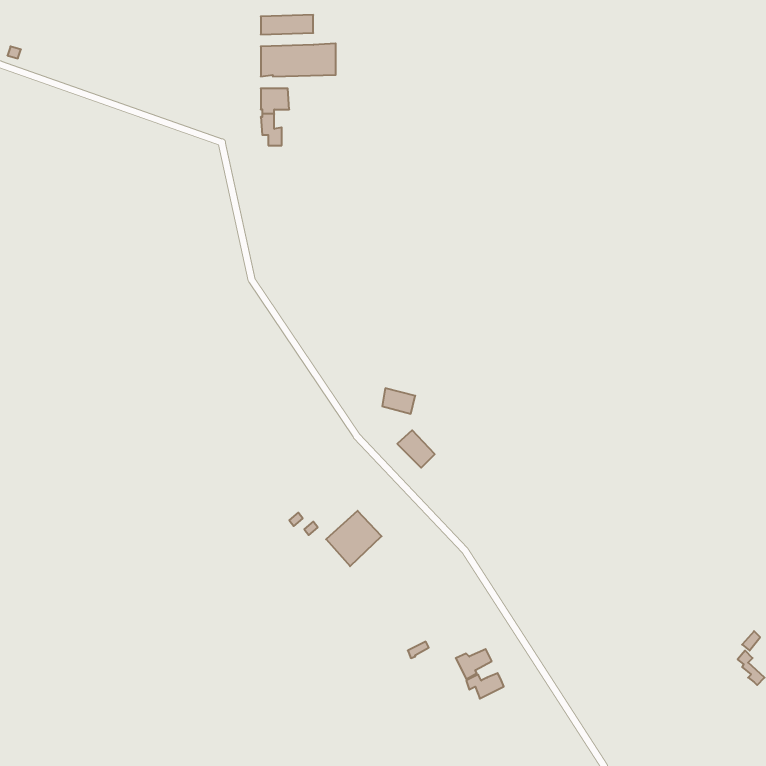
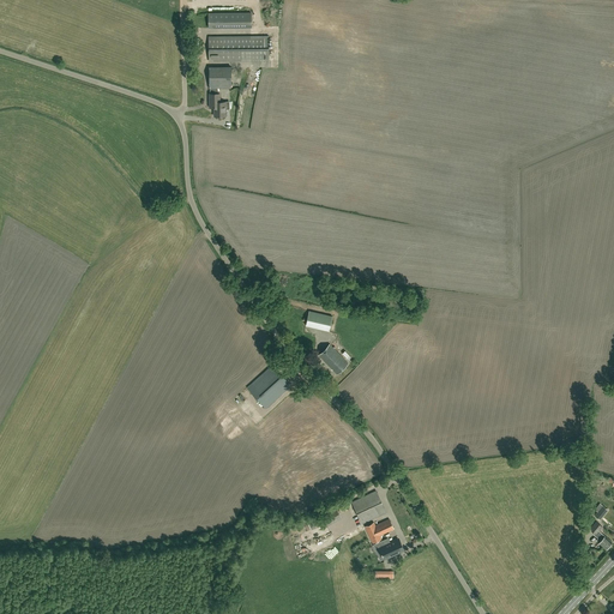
building: [326,511,382,566] -> [247,365,291,409]
building: none -> [351,490,386,524]

